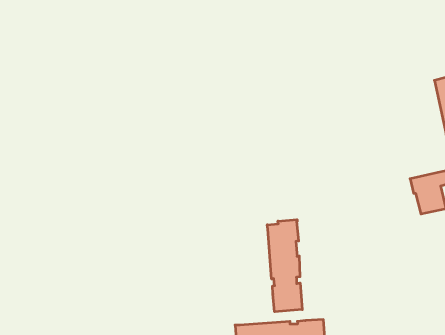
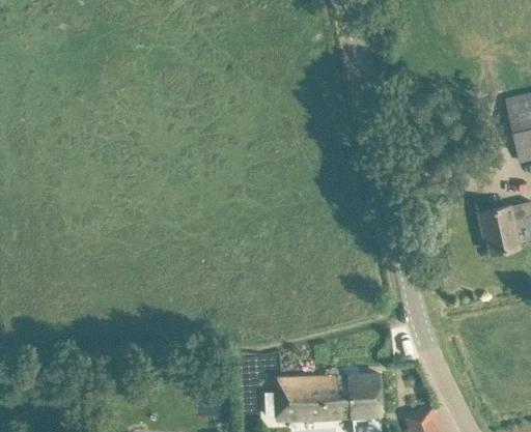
building: [267,220,302,312] -> none

